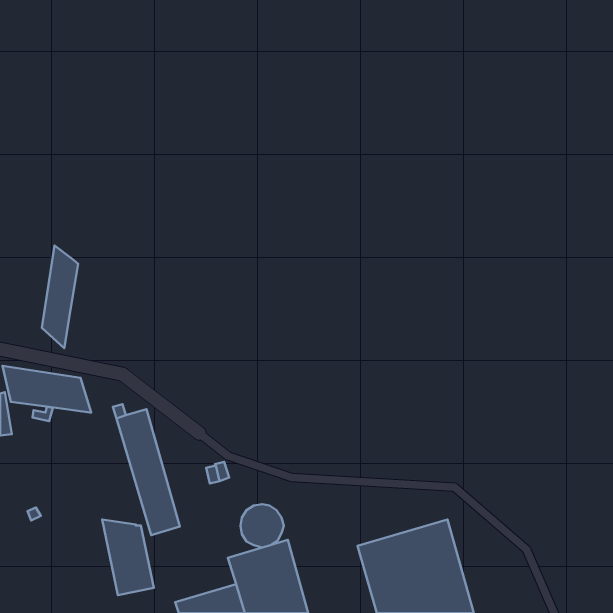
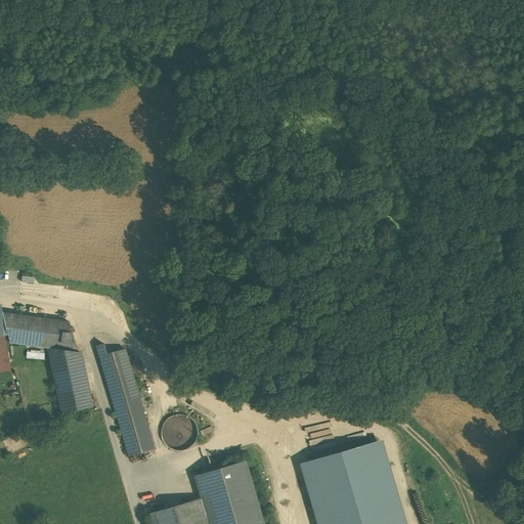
building: [42,245,78,348] -> none
building: [241,504,284,547] -> [161,414,198,451]
building: [102,520,154,595] -> [48,348,92,412]

